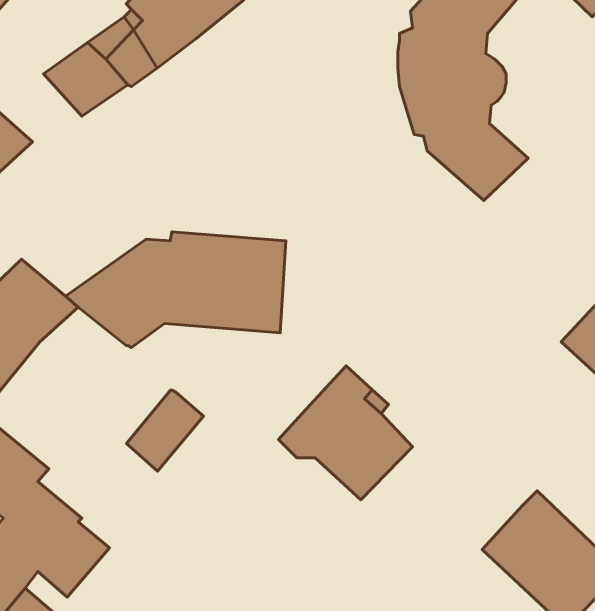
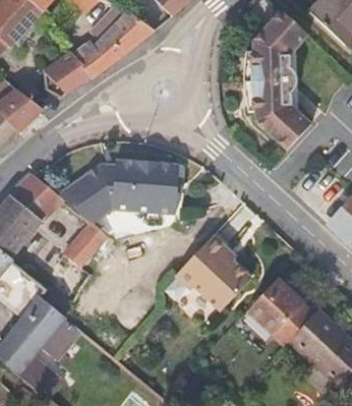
building: [126,390,203,471] -> [65,223,108,268]
building: none -> [245,279,309,343]

